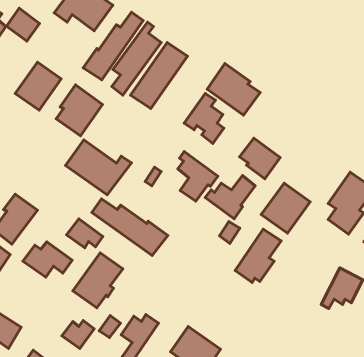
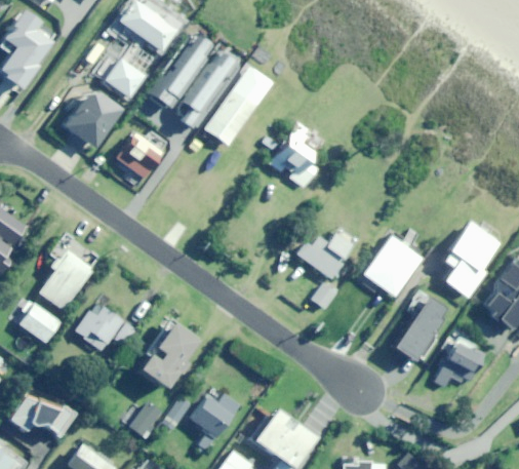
building: [7,8,40,41] -> [103,57,143,97]
building: [207,63,260,115] -> none
building: [240,138,280,179] -> none
building: [66,140,132,195] -> none
building: [178,152,218,201] -> none
building: [92,199,168,256] -> none
building: [67,219,103,248] -> none
building: [235,229,281,282] -> [392,297,447,361]

